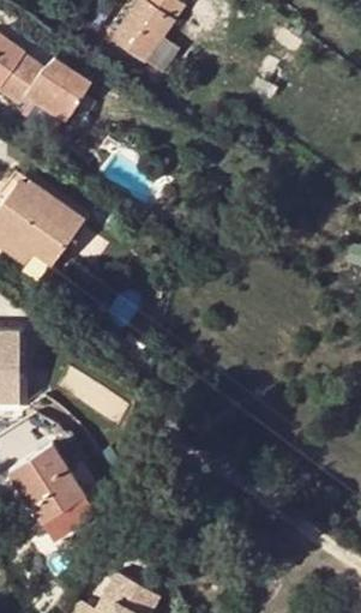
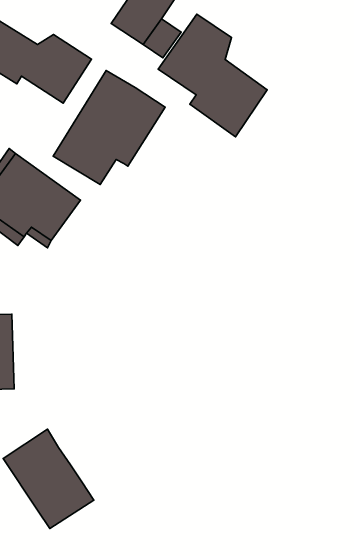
building: none -> [158,14,267,137]
building: none -> [53,71,165,185]

